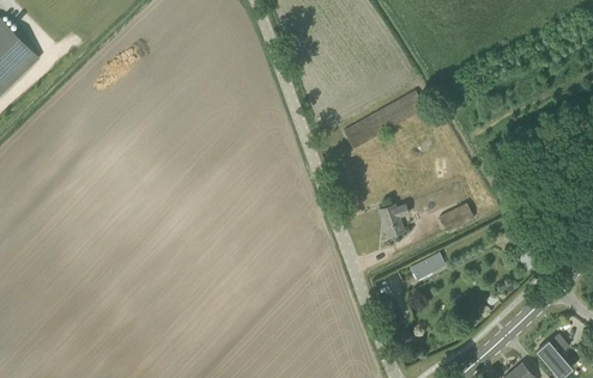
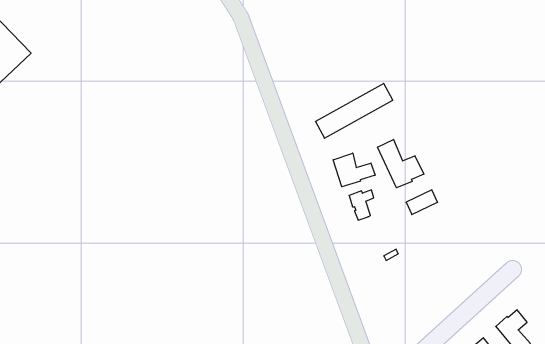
building: none -> [378,139,424,188]
building: none -> [333,153,375,187]

